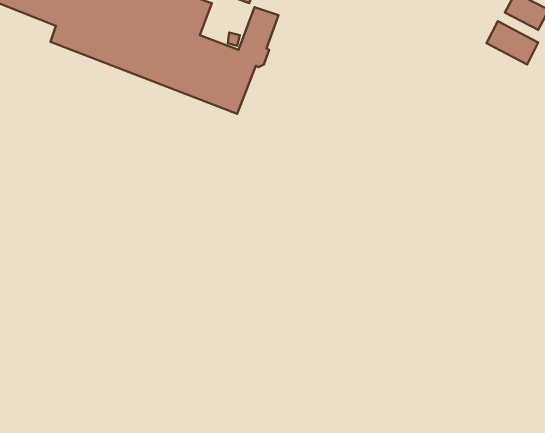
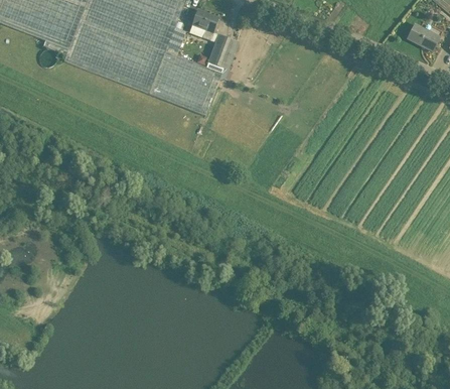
building: [487,21,538,64] -> none

